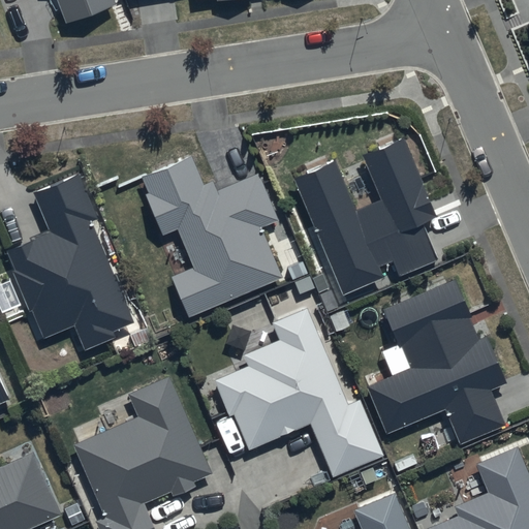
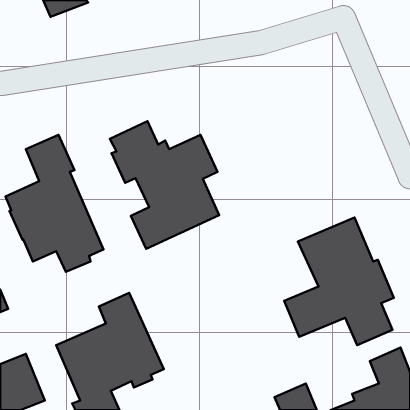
building: [293,139,438,298] -> none
building: [215,308,384,477] -> none

